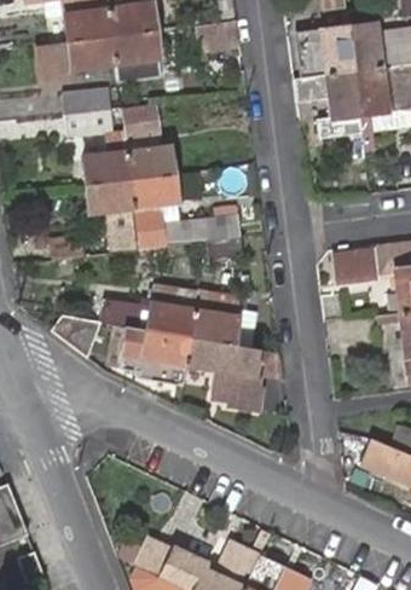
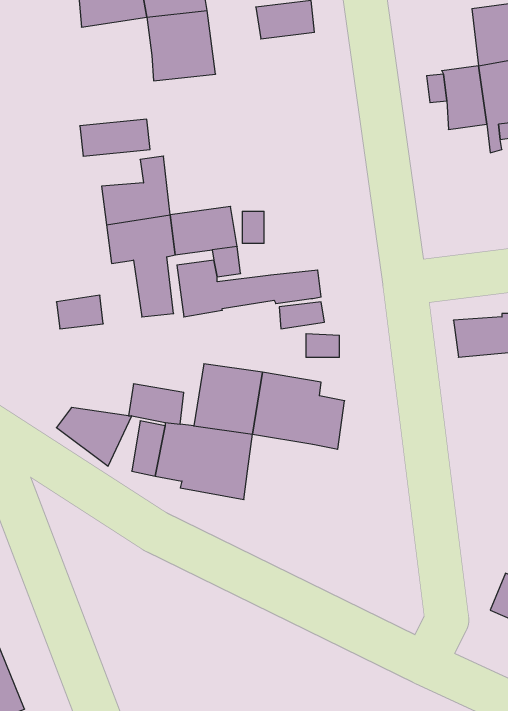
building: [302,27,353,71] -> none
building: [34,33,117,81] -> none
building: [63,82,114,111] -> none
building: [122,102,174,175] -> none
building: [186,334,260,405] -> none

